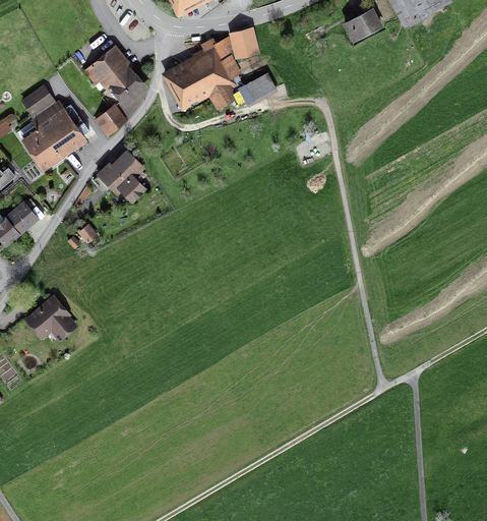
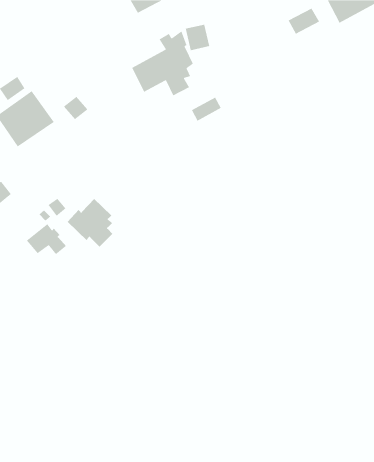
building: [85,51,143,105] -> none
building: [240,75,275,104] -> [191,96,222,122]
building: [95,149,146,204] -> [67,198,113,247]
building: [27,301,73,337] -> [26,223,67,255]

